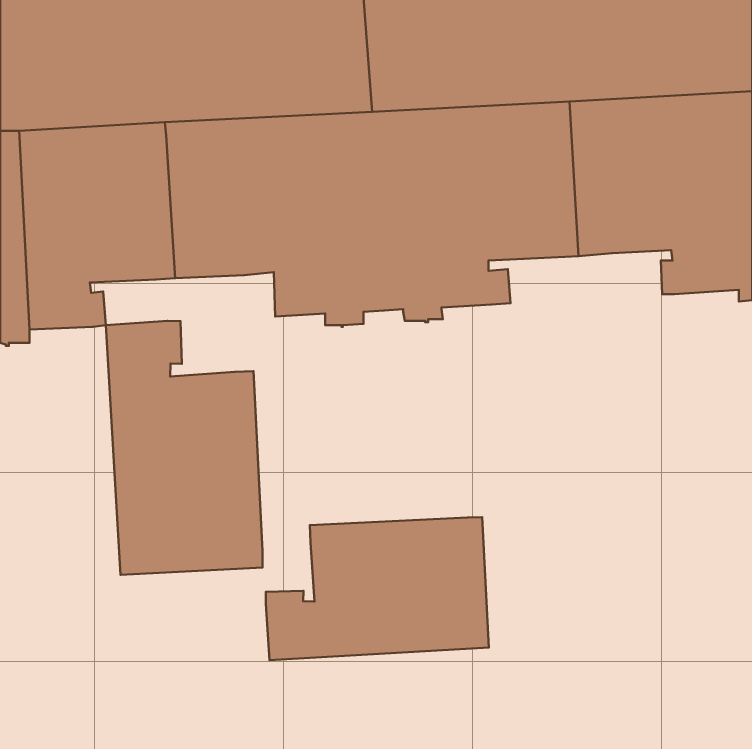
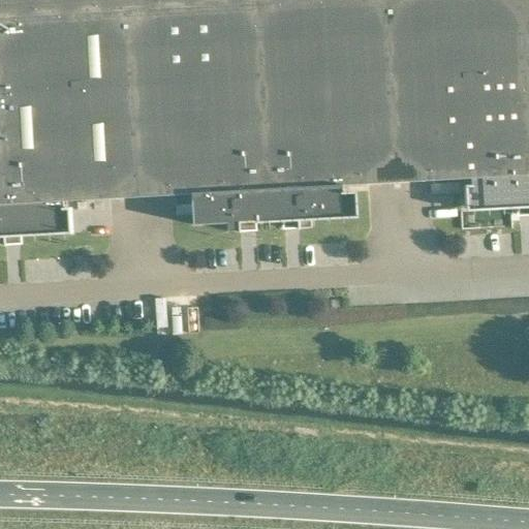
building: [106,321,263,575] -> none
building: [266,517,489,660] -> none

